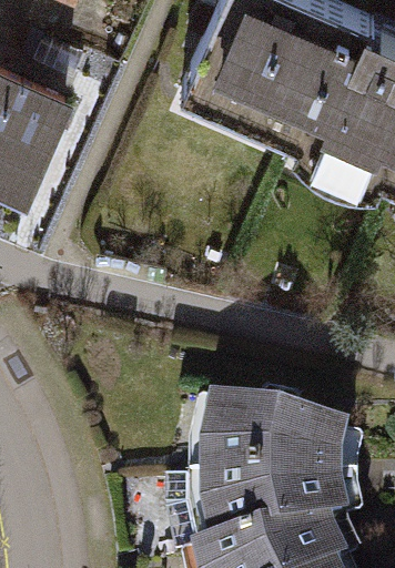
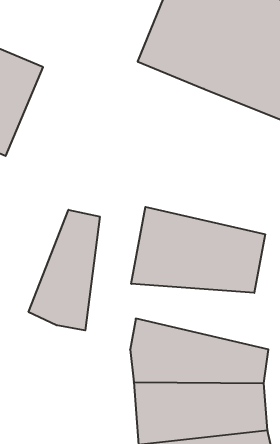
building: none -> [131,207,265,293]
building: none -> [29,210,100,330]

